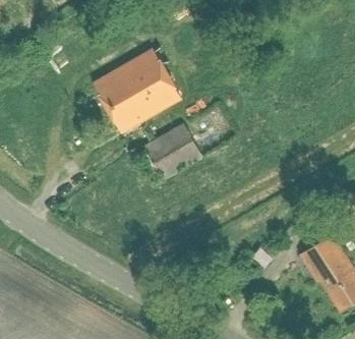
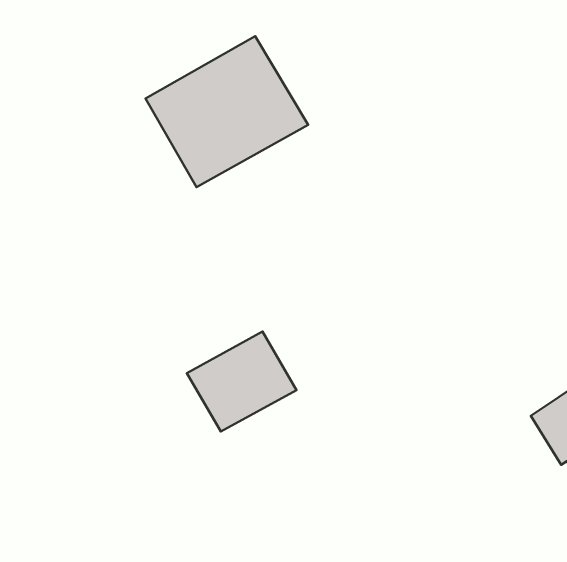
building: [143,124,202,178] -> [187,331,297,432]

